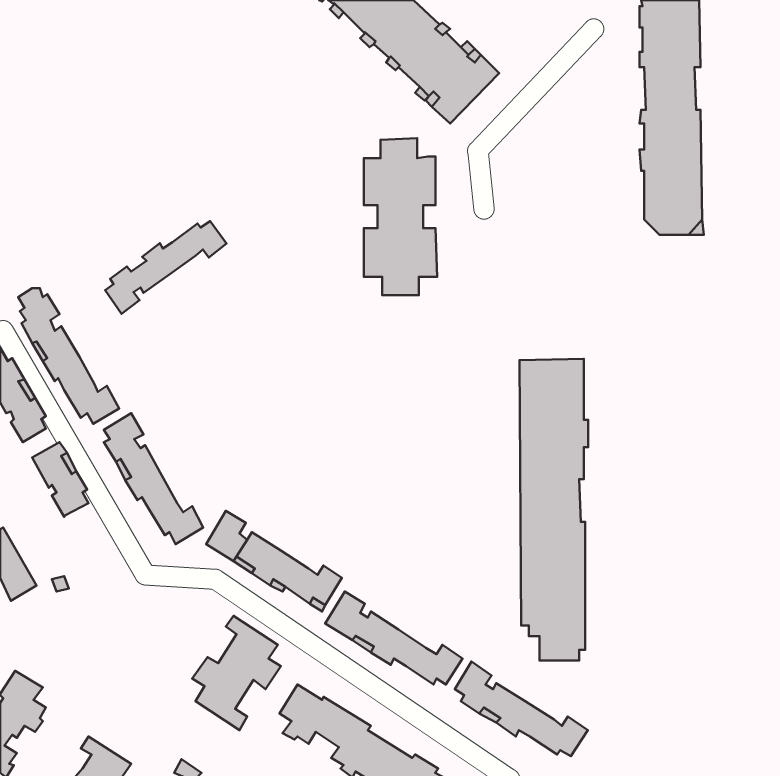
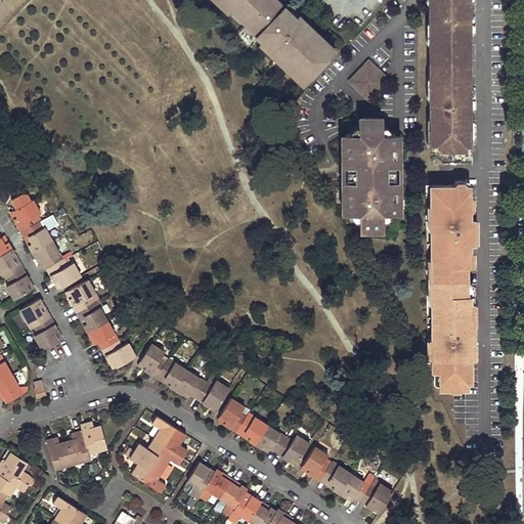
building: none -> [349,62,389,102]
building: [364,138,437,295] -> [346,122,395,227]
building: [105,221,227,314] -> none
building: [520,359,588,661] -> [426,186,472,389]
building: none -> [46,421,107,470]

